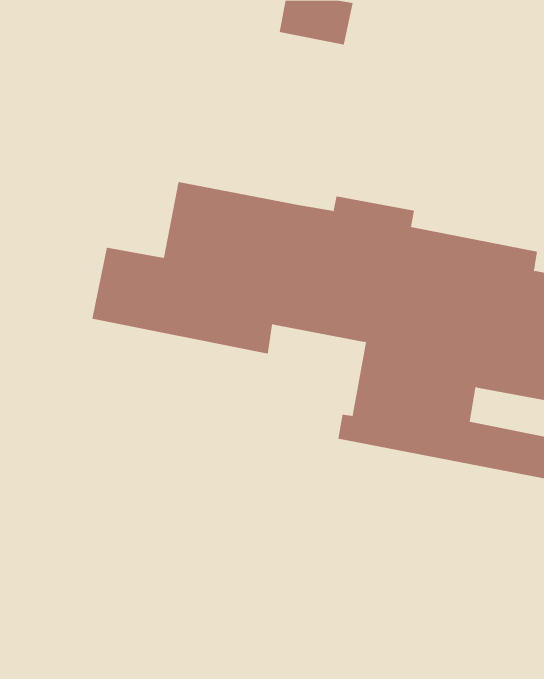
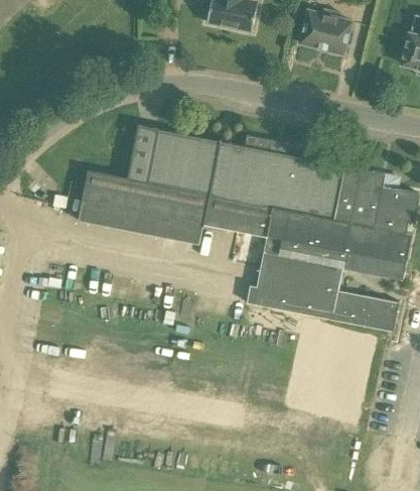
building: none -> [298,9,349,54]

